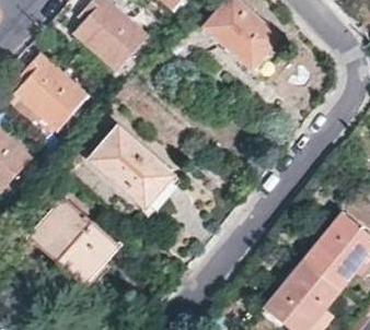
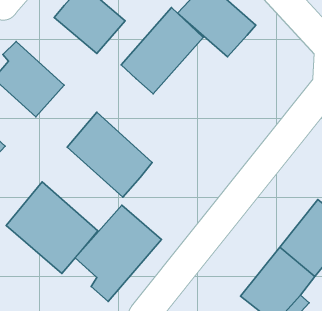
building: none -> [121,8,203,94]
building: none -> [75,205,162,301]

